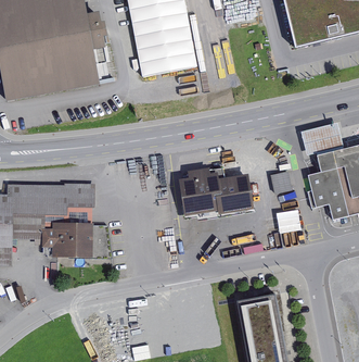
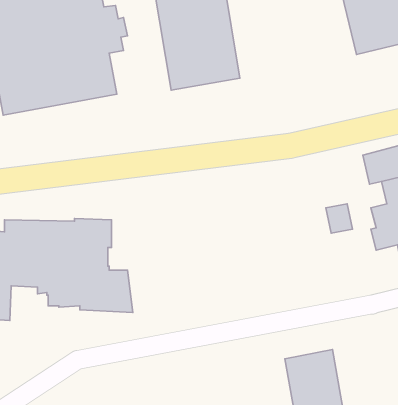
building: [177,166,253,221] -> none
building: [274,210,299,233] -> none

